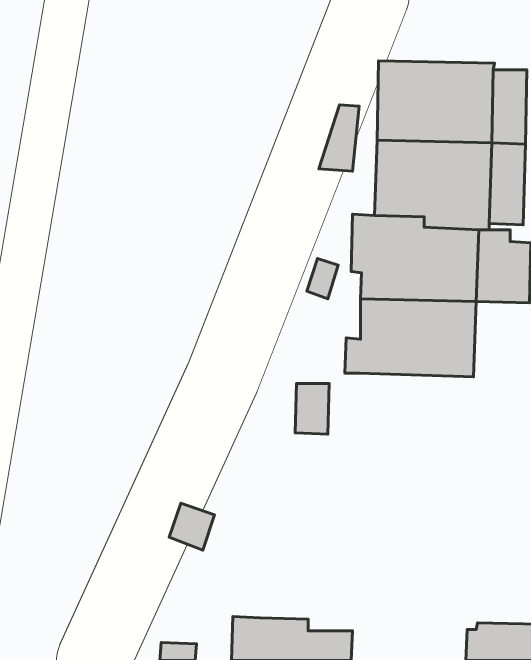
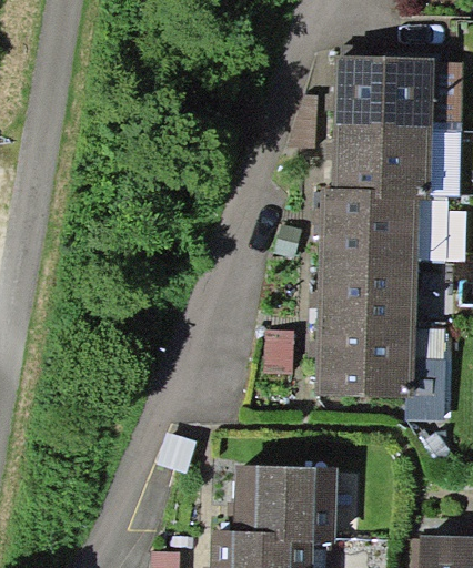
building: none -> [305,322,450,420]
building: none -> [234,465,336,542]

